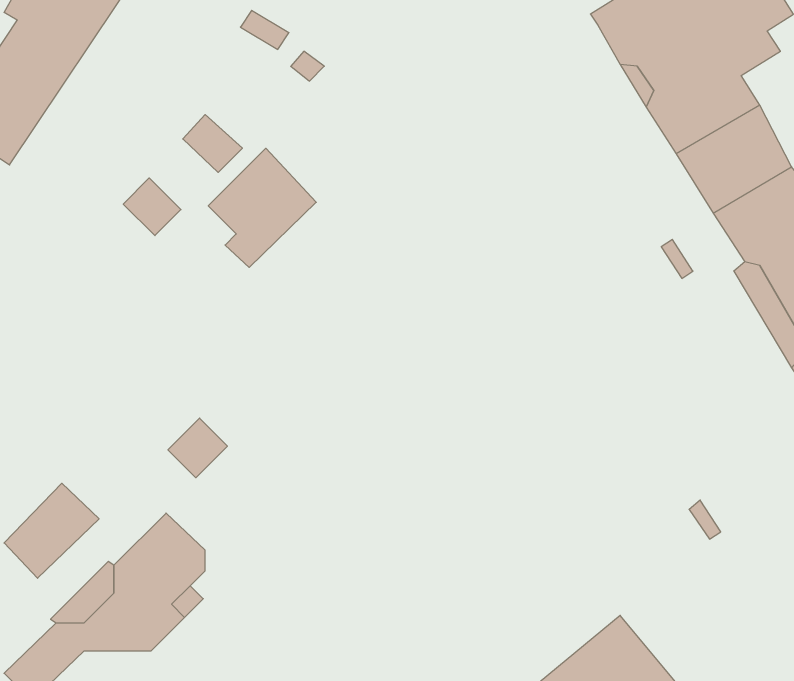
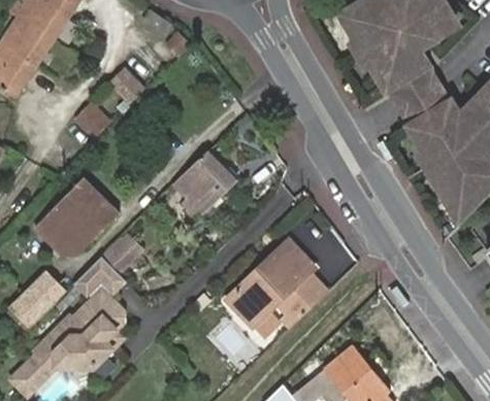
building: [208,148,316,267] -> [175,151,235,216]
building: none -> [34,178,121,256]
building: none -> [227,238,329,326]
building: none -> [76,256,125,292]

